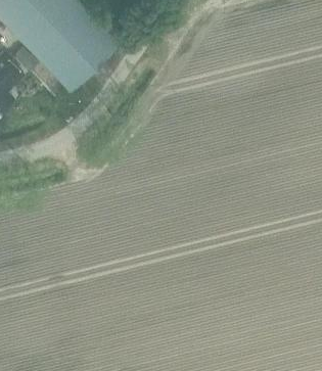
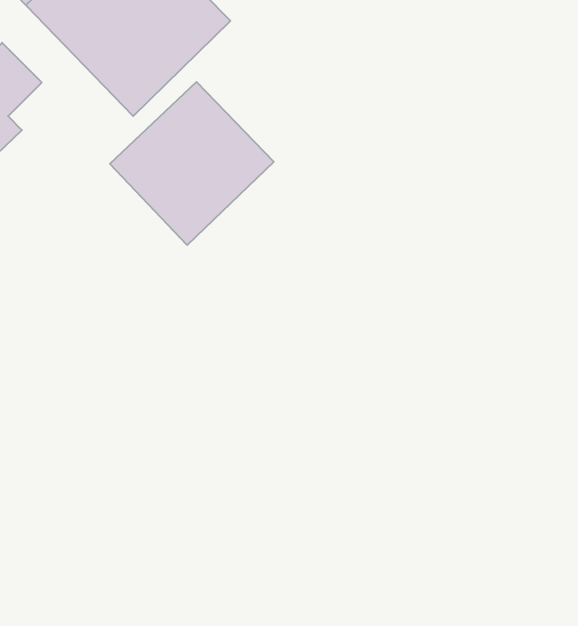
building: none -> [110,82,274,245]

